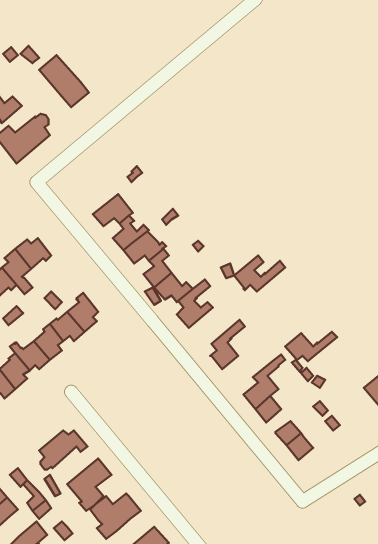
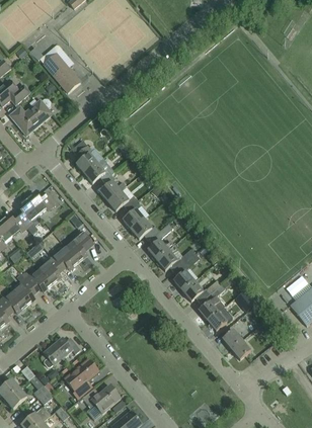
building: none -> [76,145,103,173]
building: [234,256,285,292] -> [157,244,196,271]
building: [285,332,337,361] -> [182,279,222,302]

